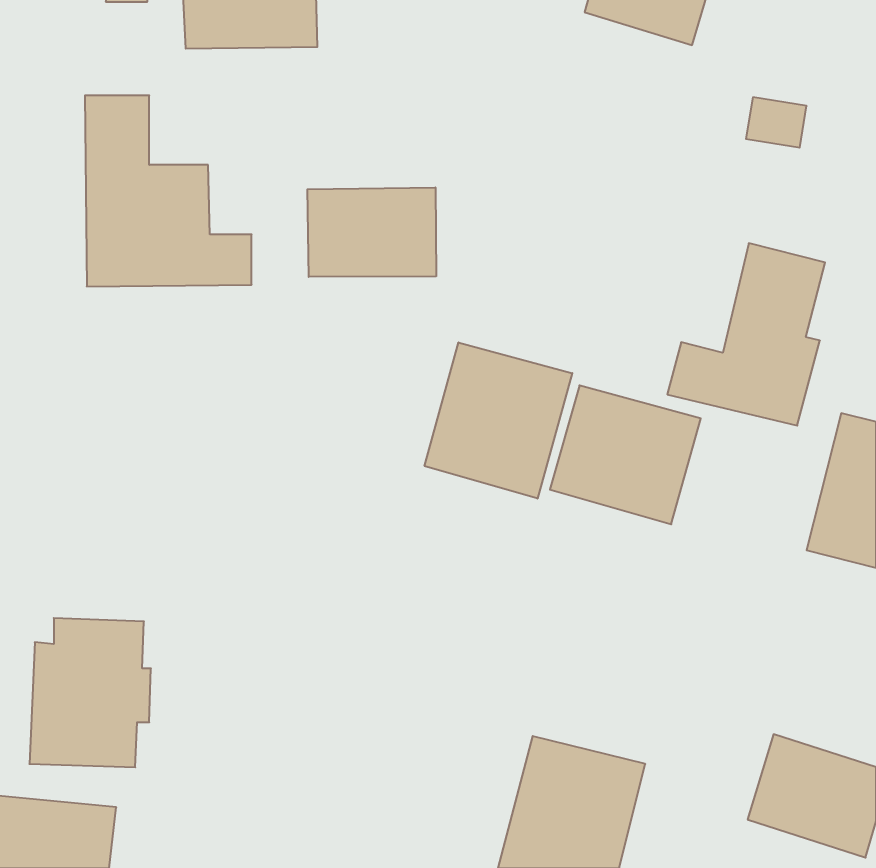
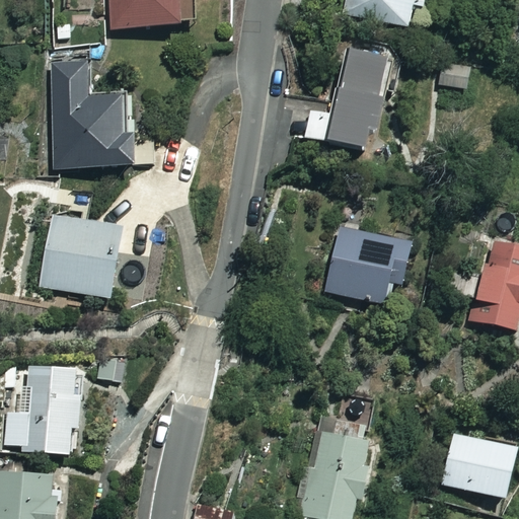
building: [307,187,436,277] -> none
building: [667,243,825,426] -> [304,57,396,163]
building: [425,342,572,499] -> none
building: none -> [39,214,127,293]

